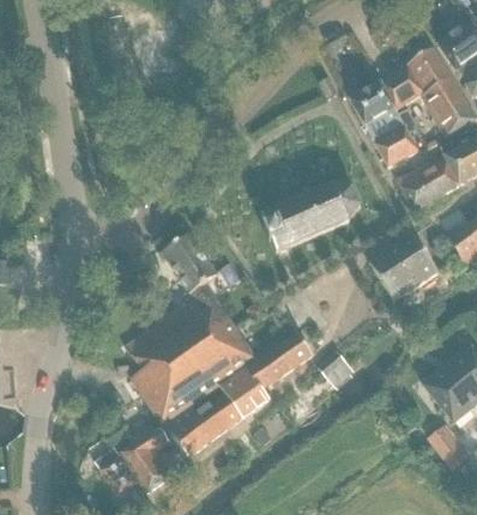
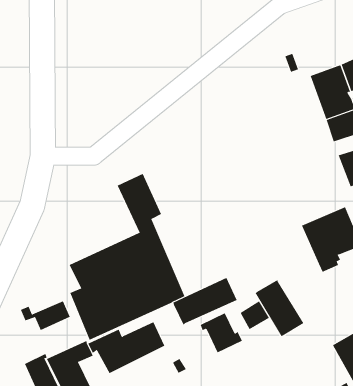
building: [261,183,361,249] -> none
building: none -> [255,279,304,337]
building: [221,370,270,416] -> [200,312,243,353]
building: none -> [20,301,71,331]

